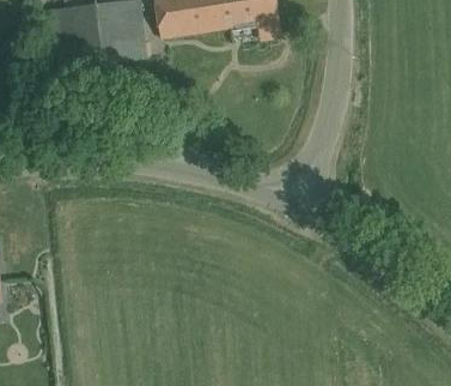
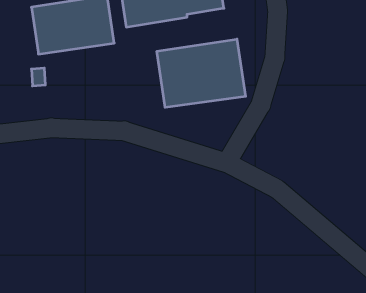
building: none -> [157,39,246,107]

